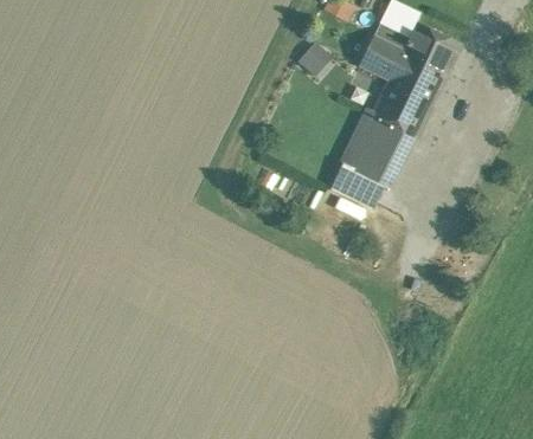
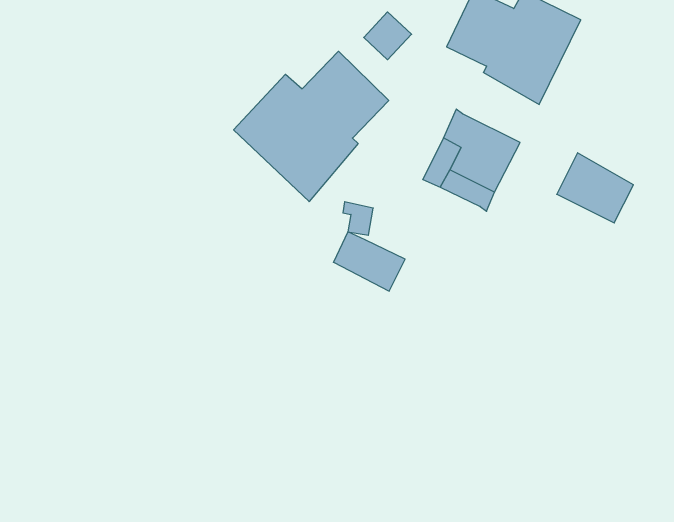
building: none -> [234,51,389,202]
building: [368,85,425,137] -> [557,153,633,223]
building: [328,164,381,208] -> [333,232,405,291]

